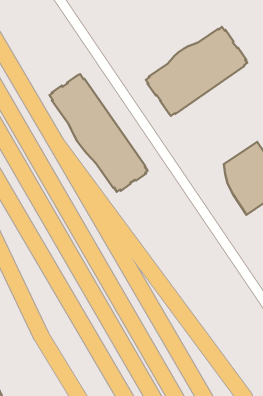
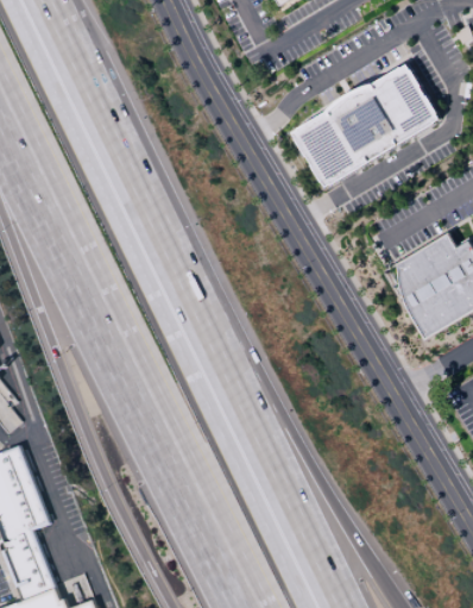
building: [49,74,148,192] -> none

